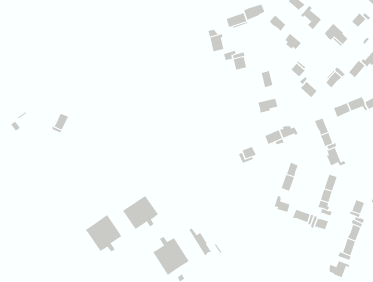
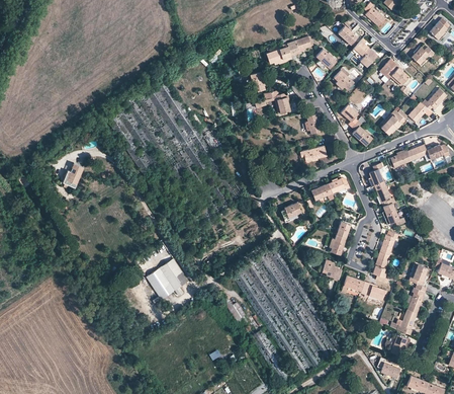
building: [85,214,122,252] -> none
building: [152,236,190,276] -> none

